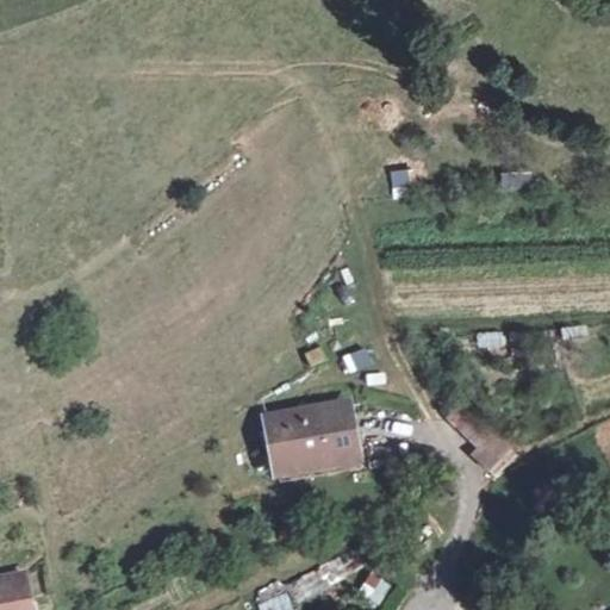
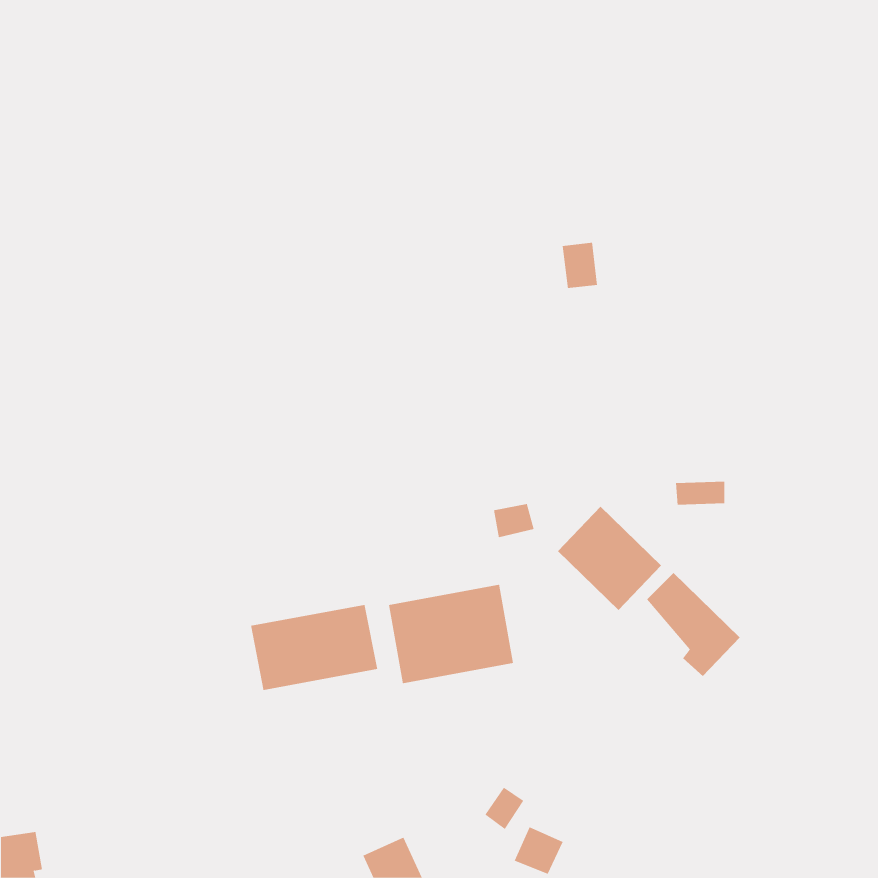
building: none -> [557,506,662,611]
building: none -> [250,604,378,691]

